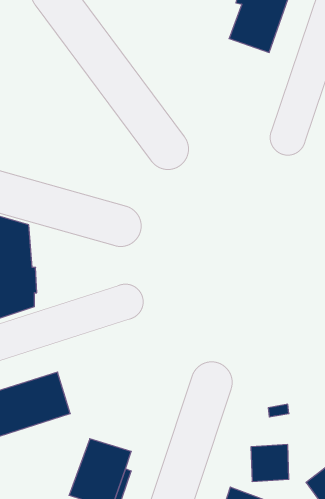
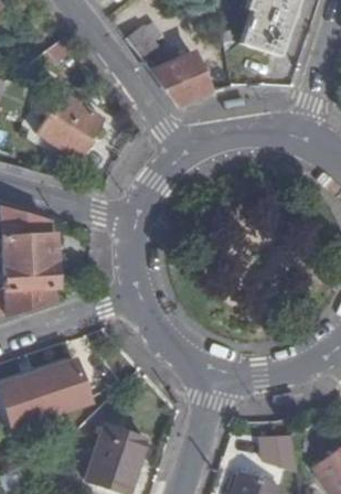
building: none -> [126,21,209,104]
building: none -> [38,93,100,155]

